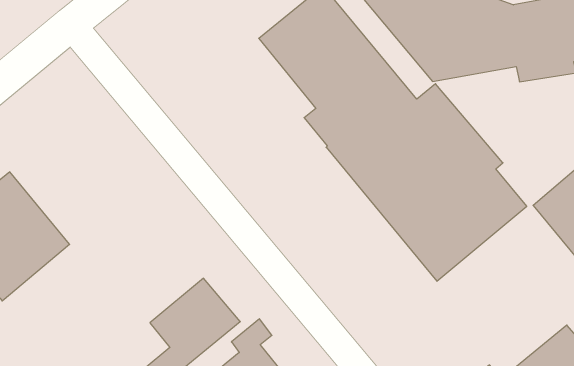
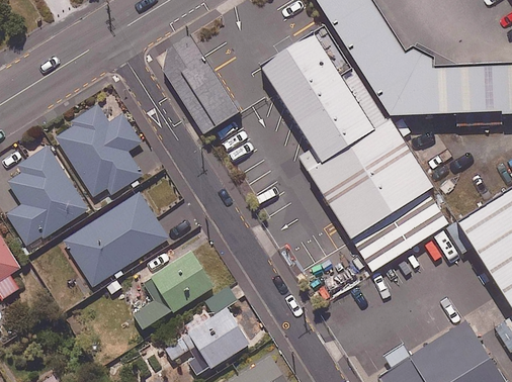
building: none -> [162,36,240,136]
building: none -> [57,104,143,195]
building: none -> [61,191,169,287]

